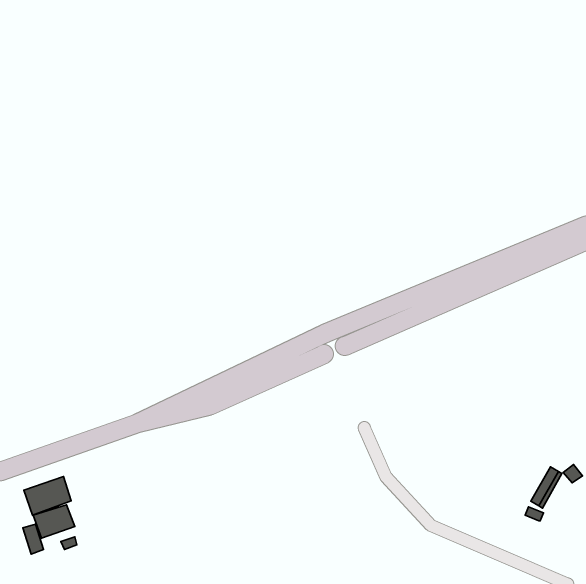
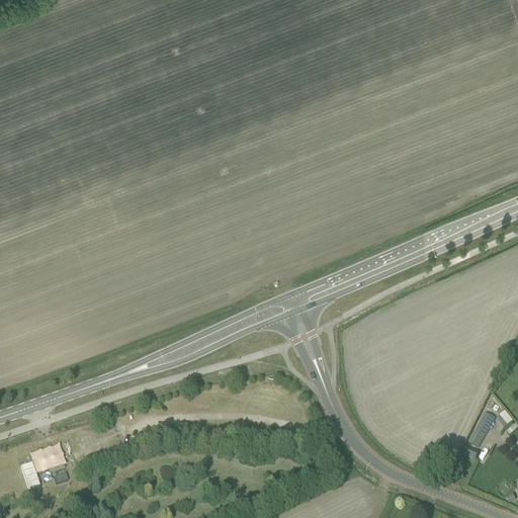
building: [24,476,71,515] -> none

